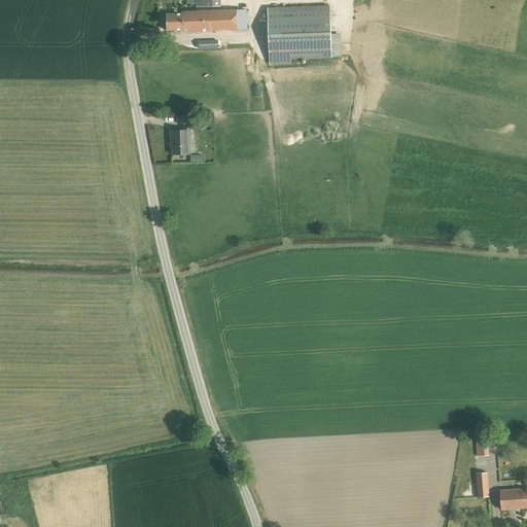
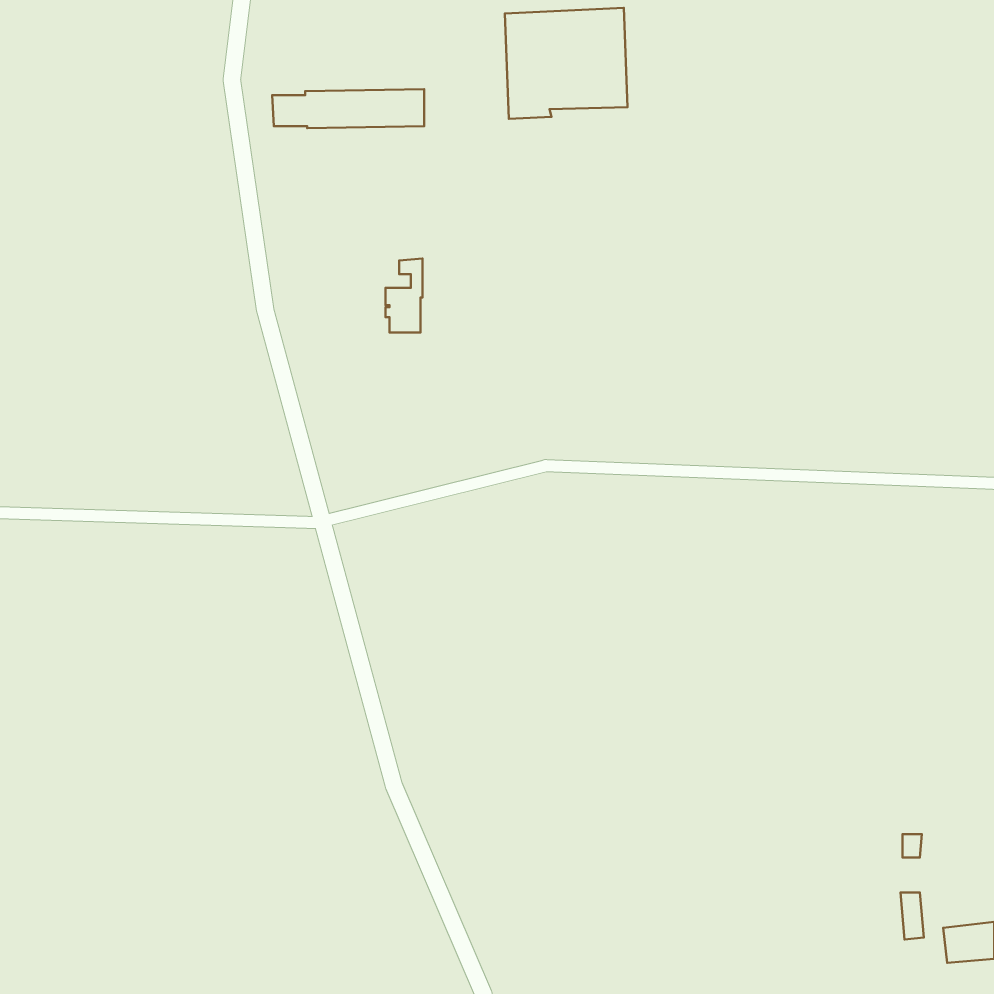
building: [165,9,245,30] -> [272,89,424,128]
building: [170,114,189,153] -> [385,259,423,333]

